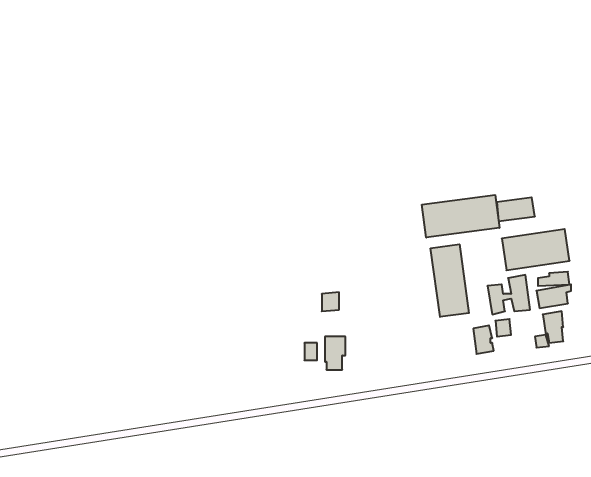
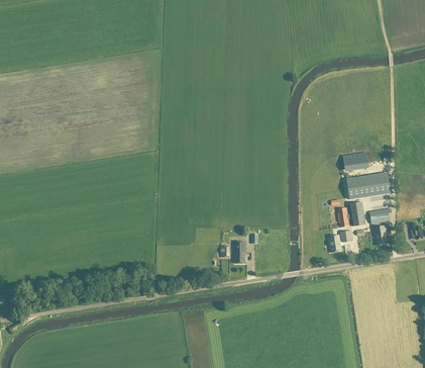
building: [422,195,499,238] -> none
building: [431,244,469,317] -> none

